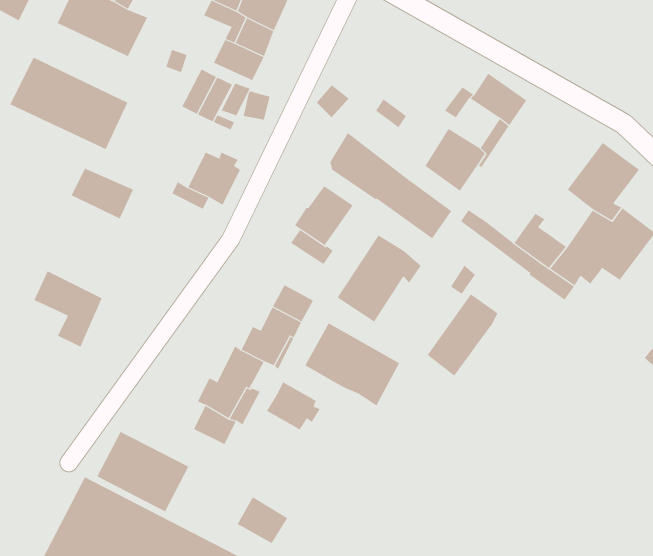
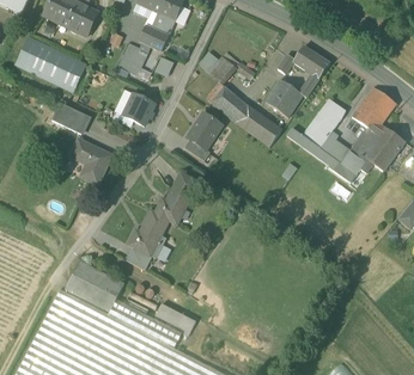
building: [337,234,422,323] -> none
building: [33,270,103,348] -> [69,139,111,185]
building: [427,293,498,377] -> [303,98,346,148]
building: [304,323,400,406] -> none
building: [266,382,321,430] -> none

